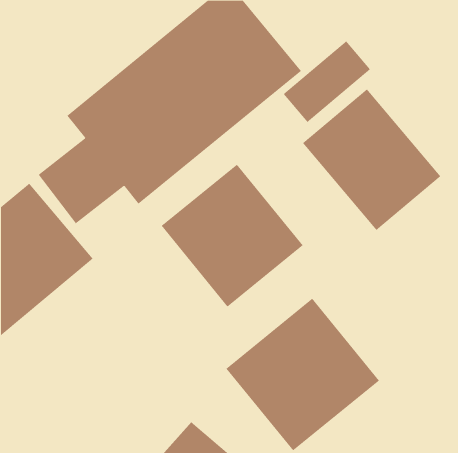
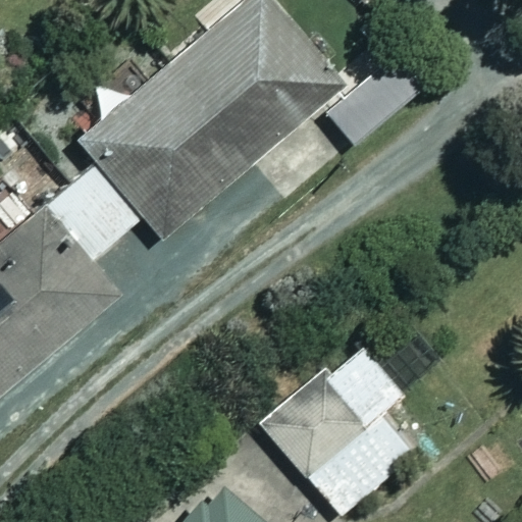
building: [302,89,441,231] -> none
building: [161,164,304,307] -> none

